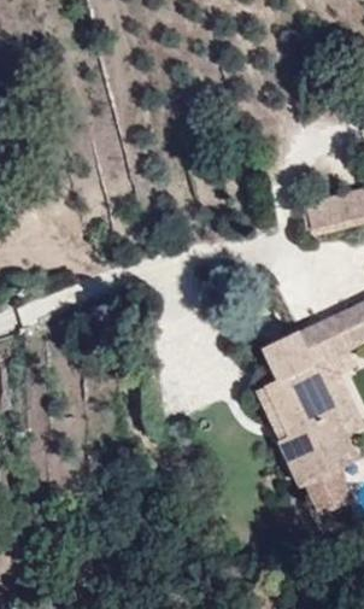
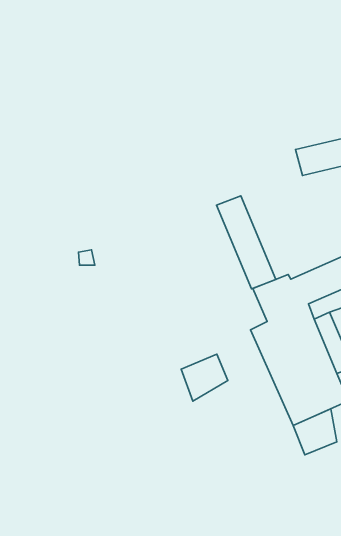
building: none -> [217,196,276,289]
building: none -> [181,354,228,401]

